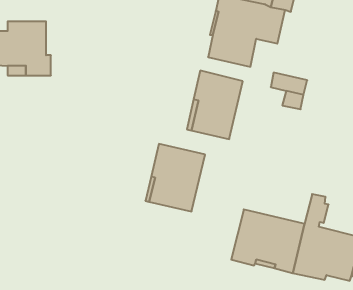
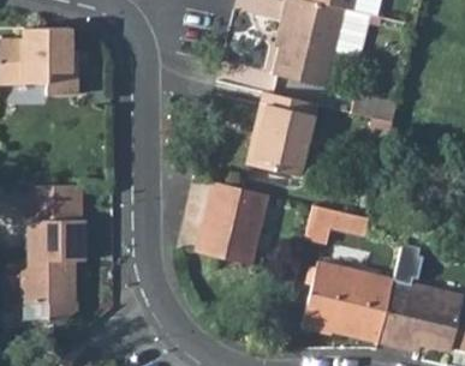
building: none -> [22,184,84,320]
building: none -> [306,204,370,241]

